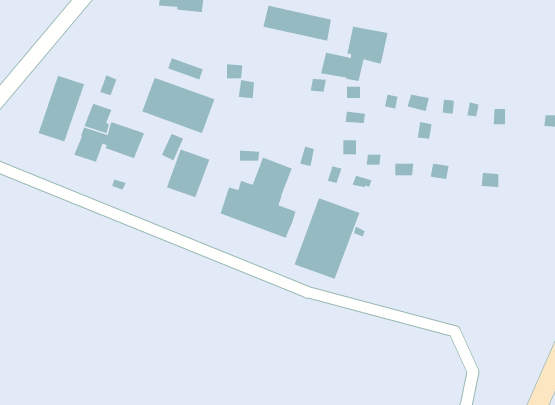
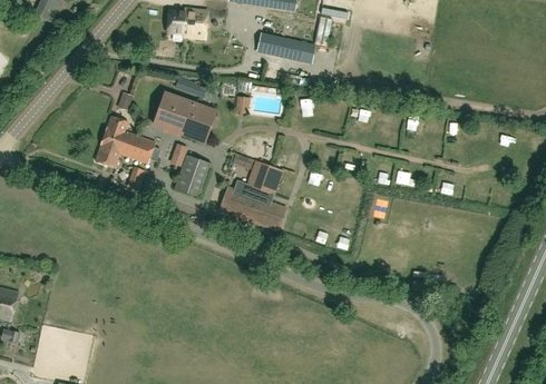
building: [320,26,388,82] -> none
building: [37,75,85,143] -> none
building: [293,197,360,280] -> none

